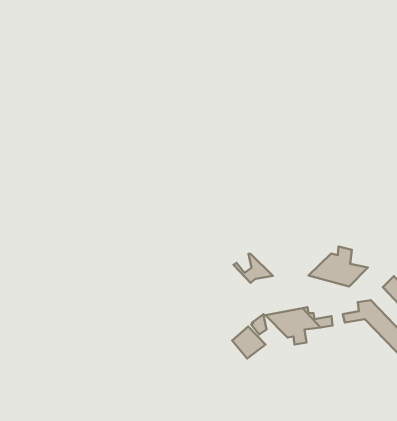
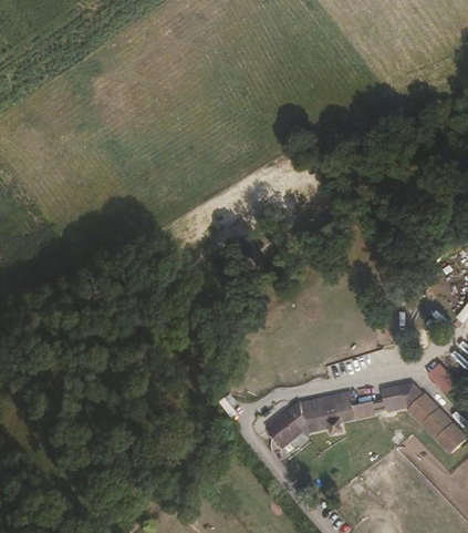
building: [308,247,368,287] -> none
building: [233,254,273,283] -> [279,402,322,434]

